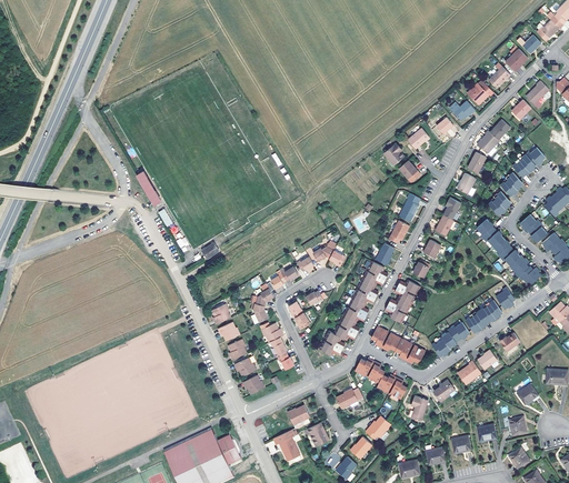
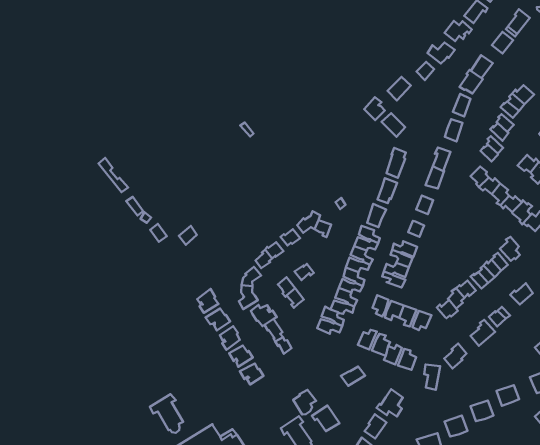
building: none -> [150,394,183,433]

